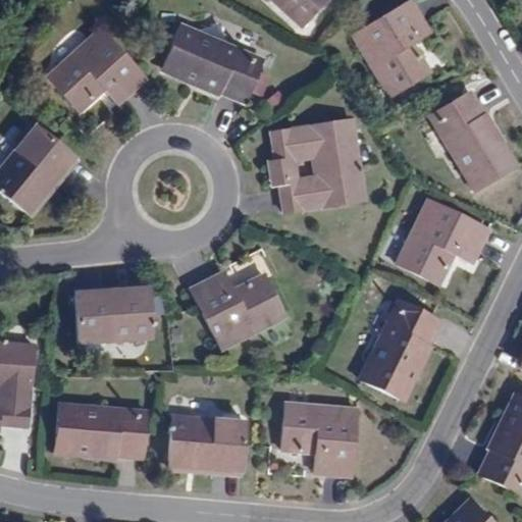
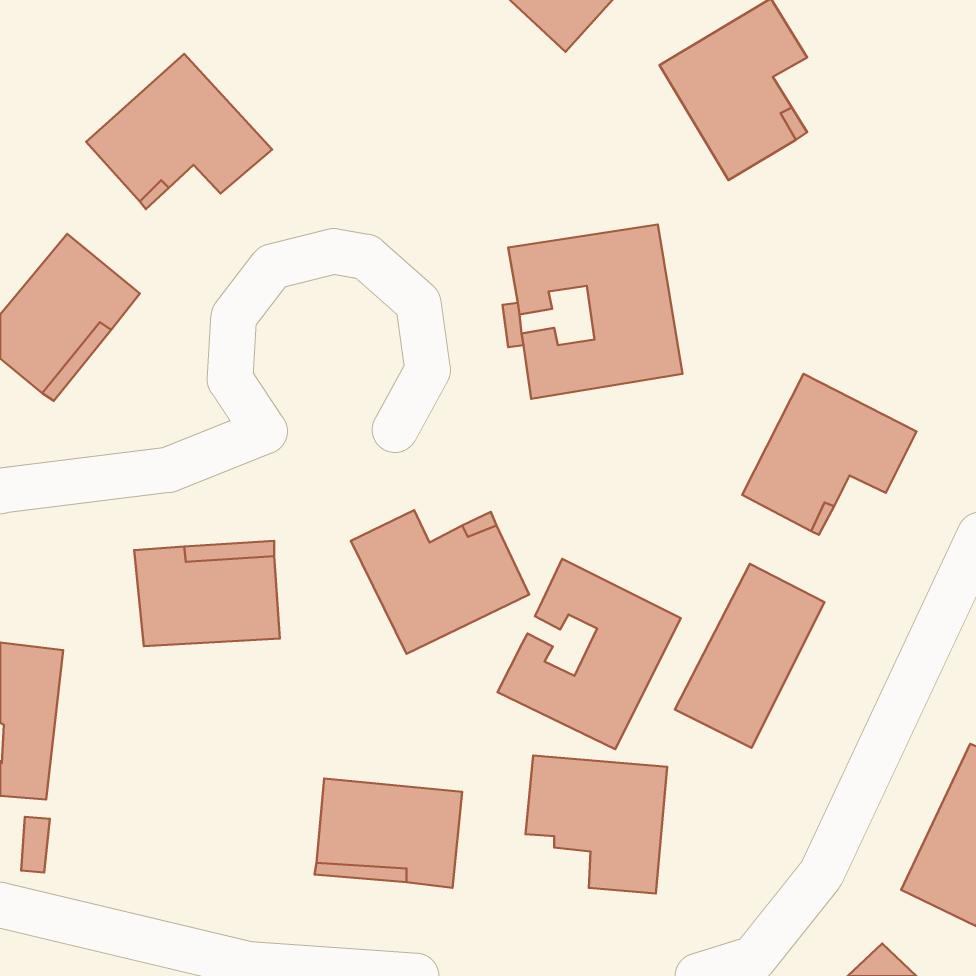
building: [165,27,263,103] -> none
building: [432,92,515,190] -> none
building: none -> [498,559,681,749]
building: [55,406,146,458] -> none

